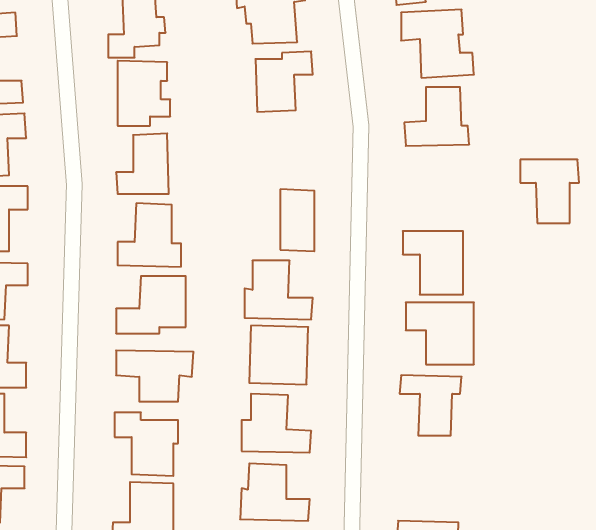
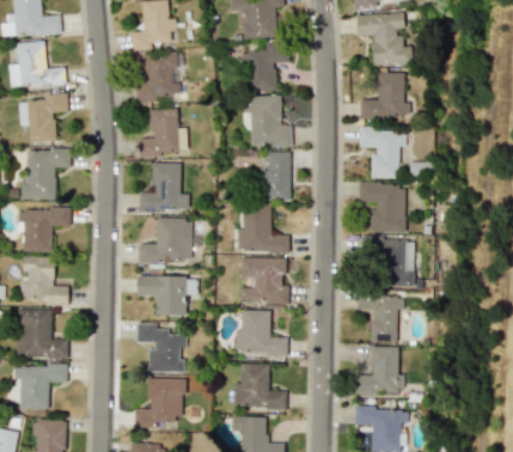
building: none -> [245,96,292,147]
building: [520,160,579,223] -> [360,129,405,178]
building: none -> [354,347,404,395]

